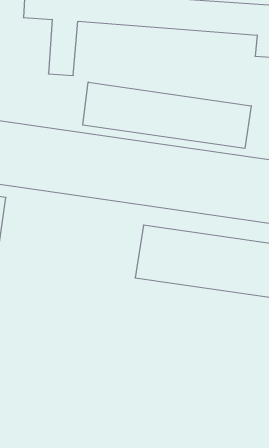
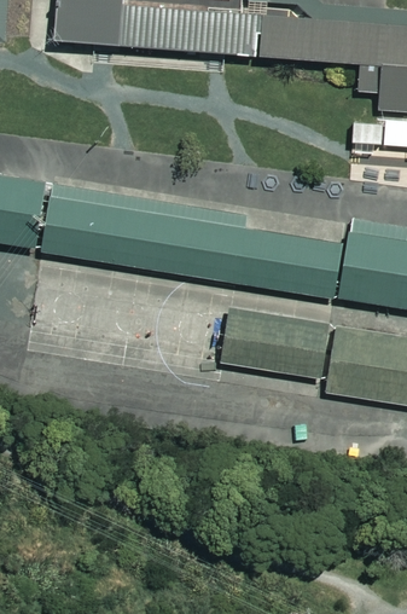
building: [83,82,251,148] -> none

